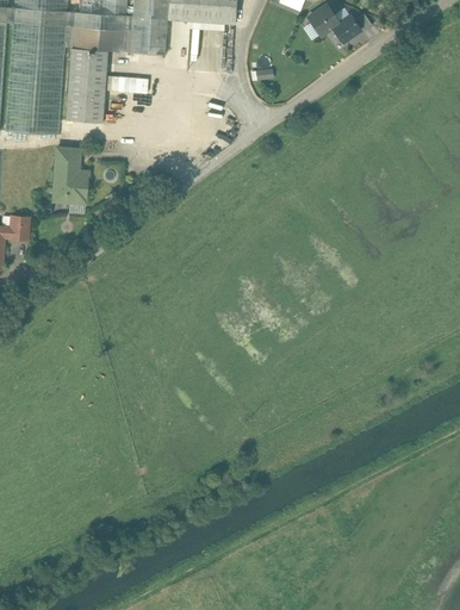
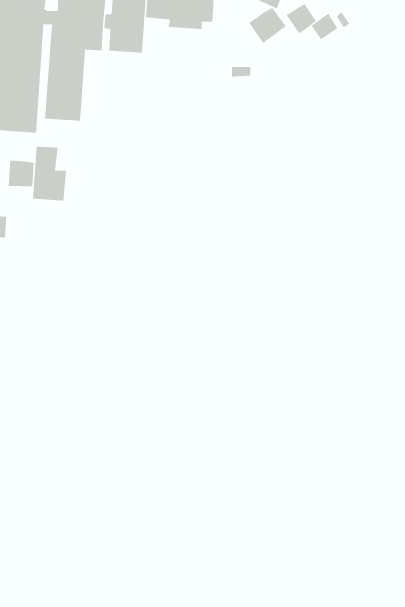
building: none -> [248,7,286,44]
building: none -> [8,160,34,187]

